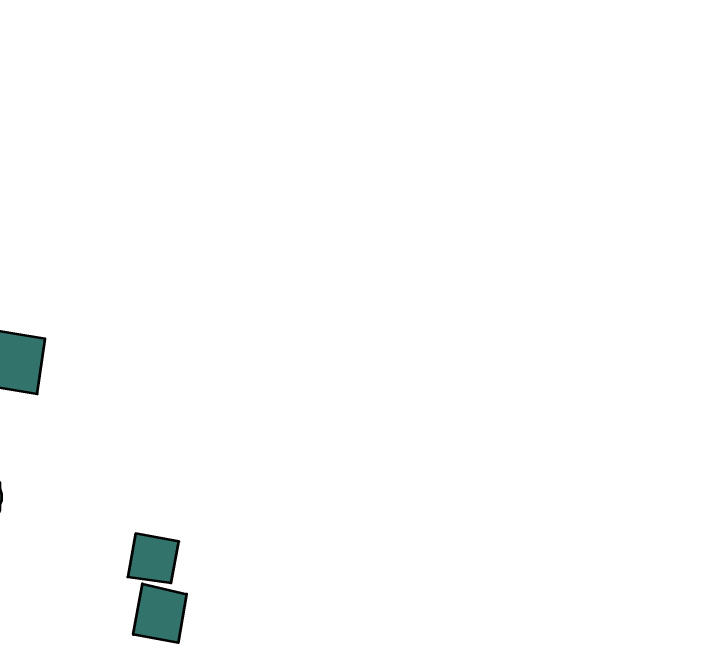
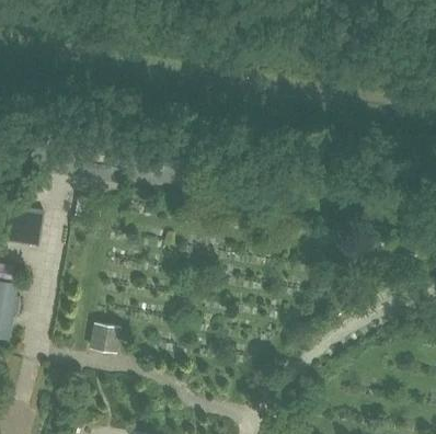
building: [133,584,187,643] -> none

